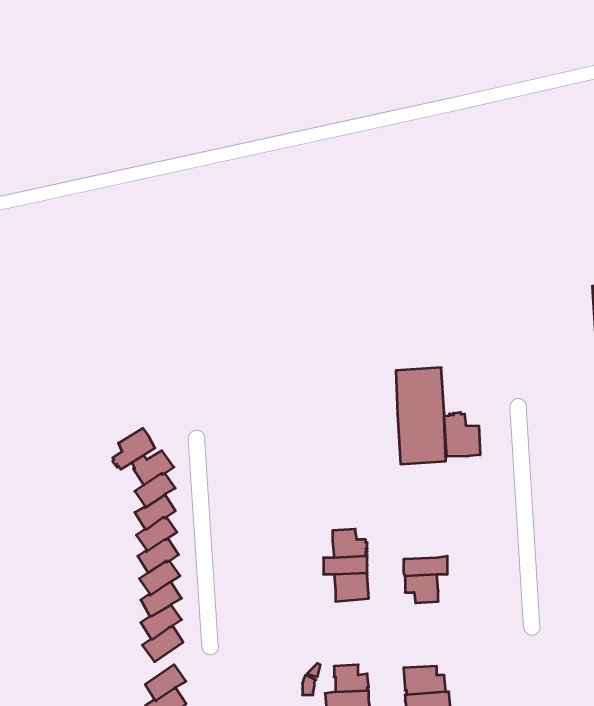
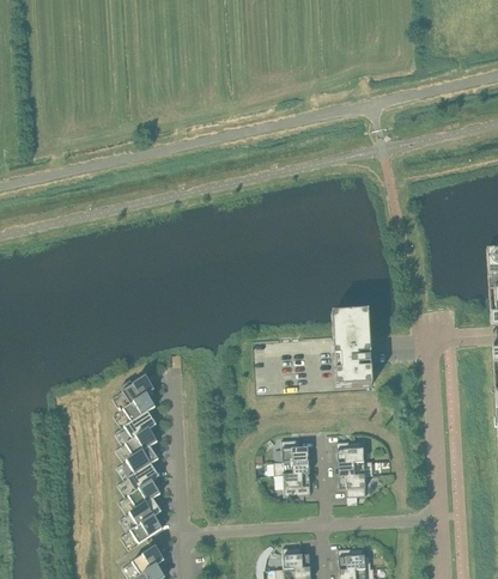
building: [444,412,480,457] -> none
building: [113,428,155,469] -> none
building: none -> [336,439,364,462]

